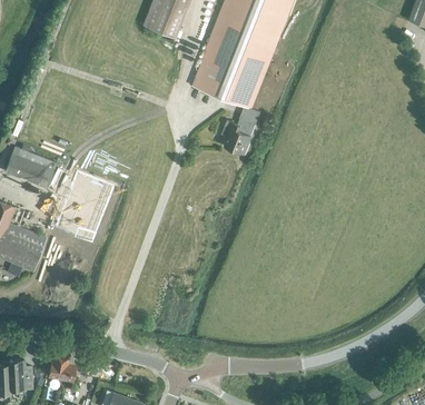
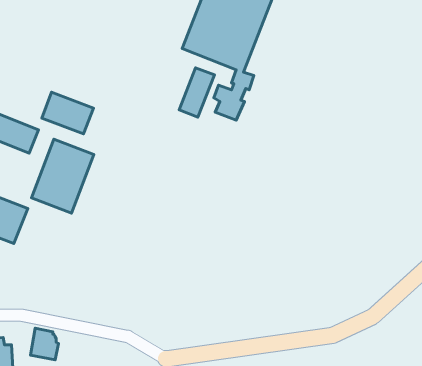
building: none -> [179,68,214,117]
building: none -> [42,92,93,134]

